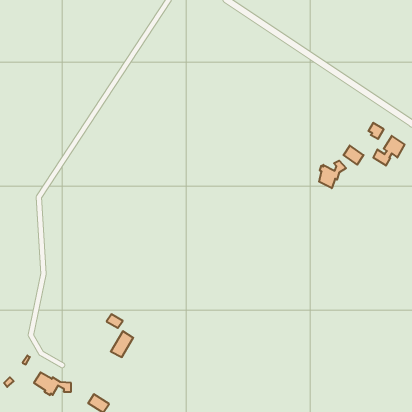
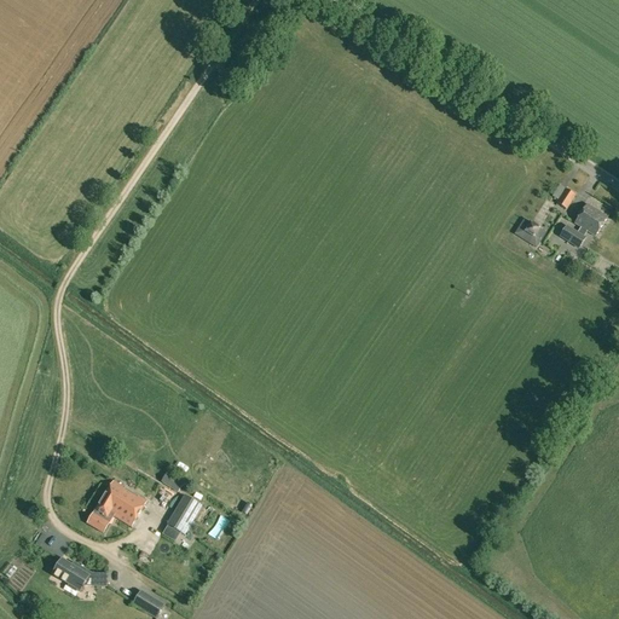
building: [319,161,346,188] -> none
building: none -> [87,480,145,532]

